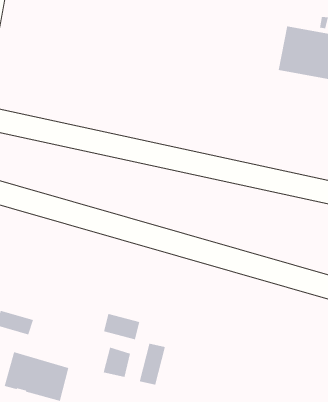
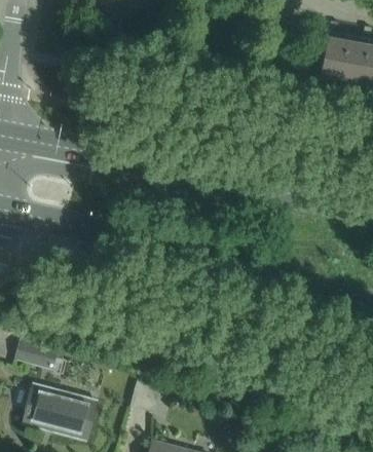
building: [104,313,140,340] -> none
building: [139,343,166,385] -> none

